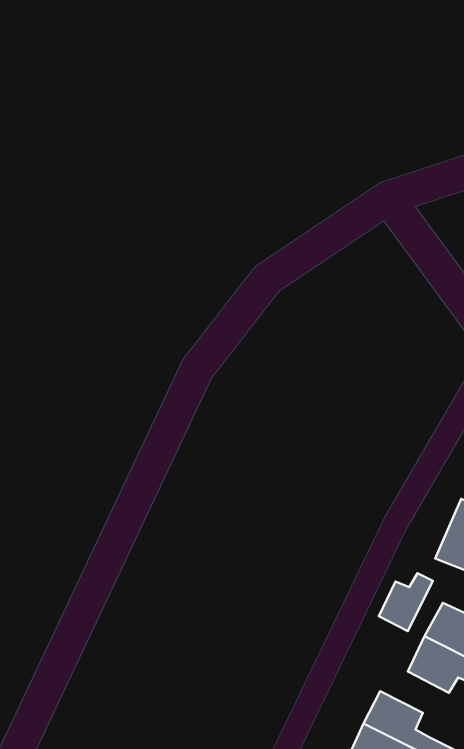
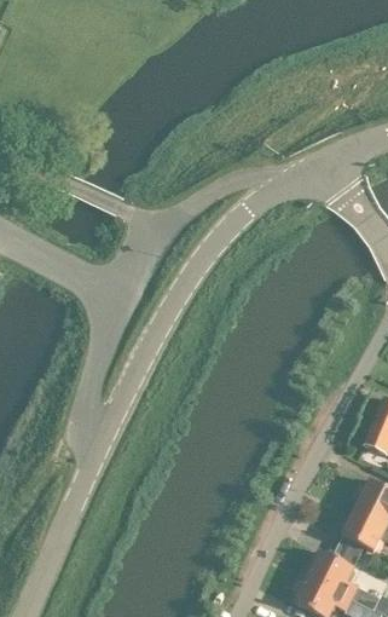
building: [379,573,433,631] -> none

